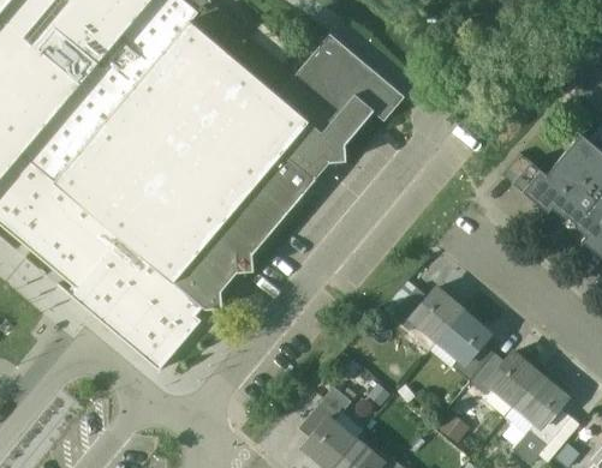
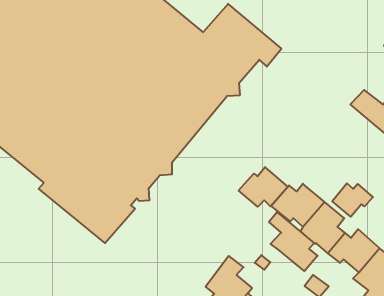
building: none -> [239,167,288,207]
building: none -> [332,183,373,217]
building: none -> [269,212,318,271]

